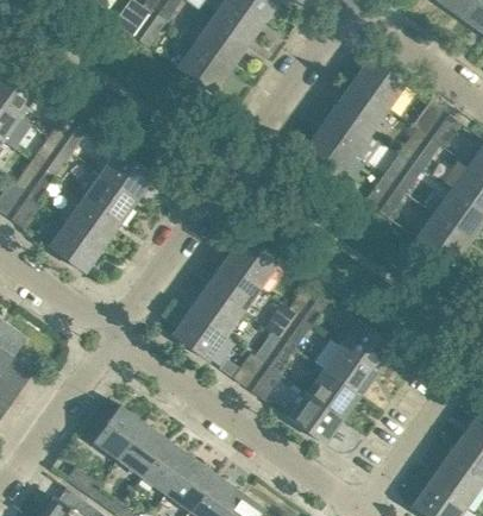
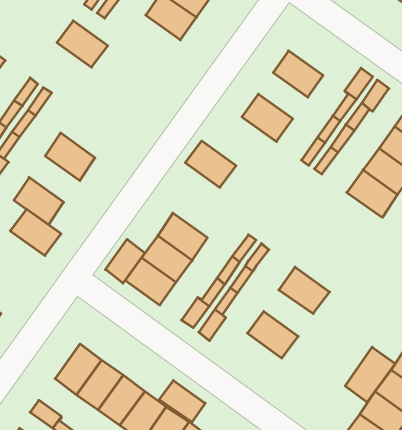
building: [175,43,231,94] -> [57,21,108,67]
building: [350,57,406,109] -> none
building: [316,106,371,157] -> none
building: [99,149,155,200] -> none
building: [64,197,120,248] -> [10,209,61,256]
building: [222,237,278,288] -> [185,141,236,187]
building: none -> [105,239,145,283]
building: [322,345,377,396] -> none
building: [287,392,343,445] -> none
building: none -> [345,347,395,402]
building: none -> [159,380,205,422]

